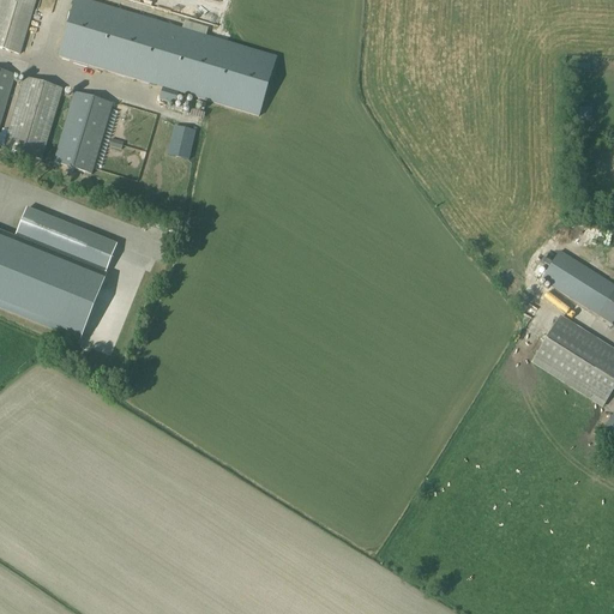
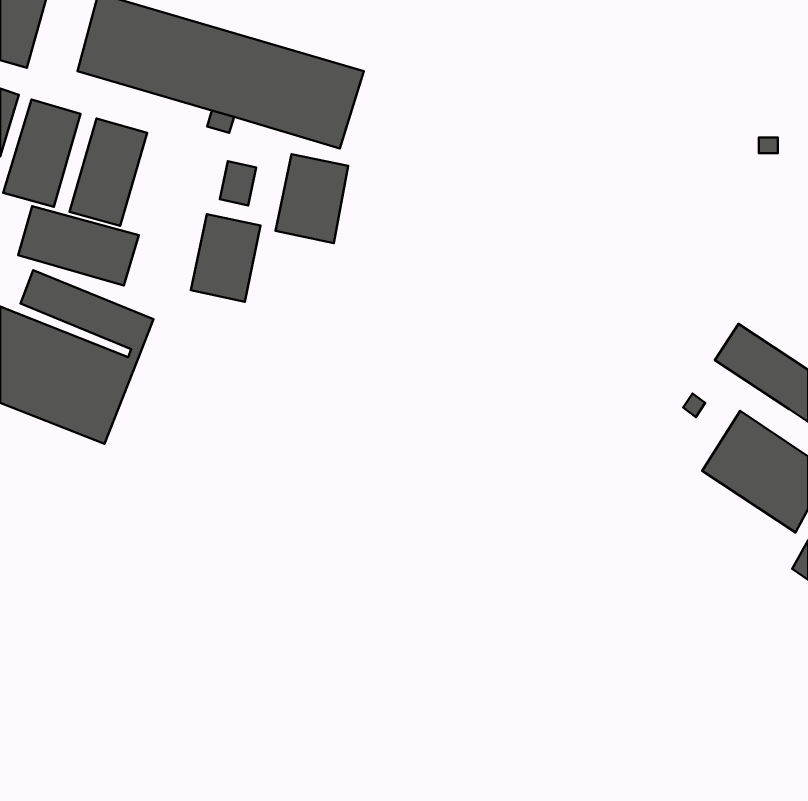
building: none -> [275,154,348,243]
building: none -> [18,206,139,285]
building: none -> [191,214,261,302]

